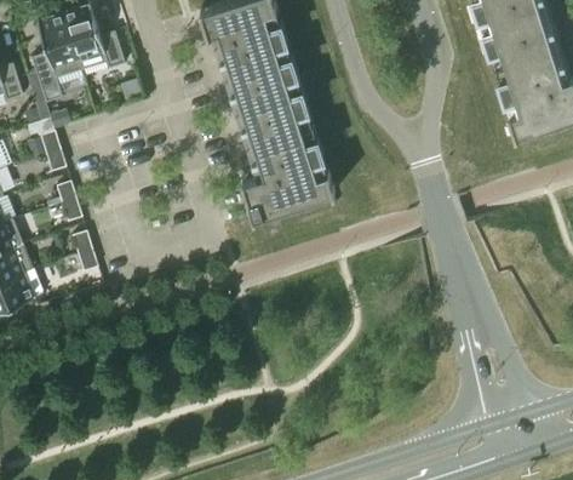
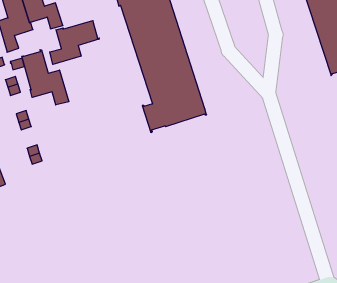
building: none -> [50,21,99,64]
building: none -> [22,50,69,105]

